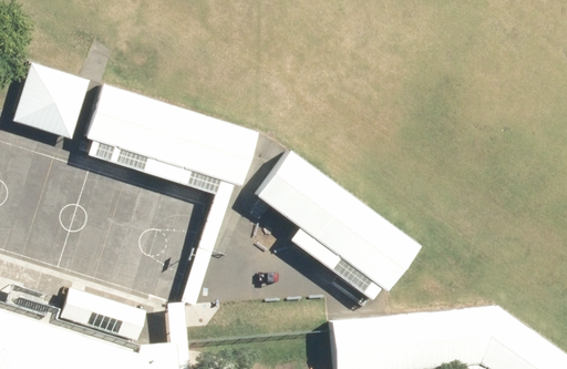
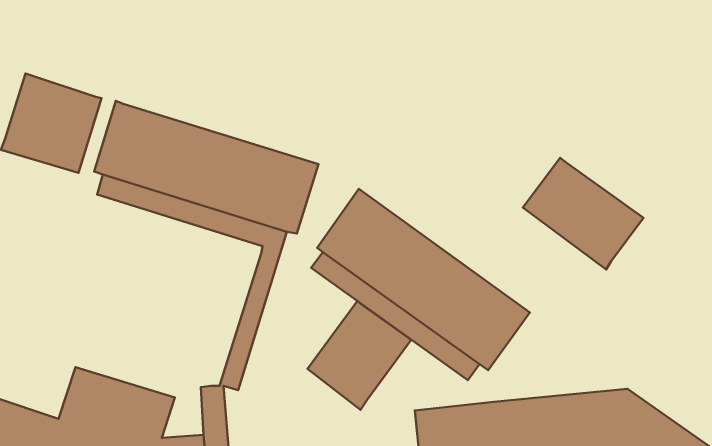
building: none -> [523,158,643,270]
building: none -> [307,301,411,410]

